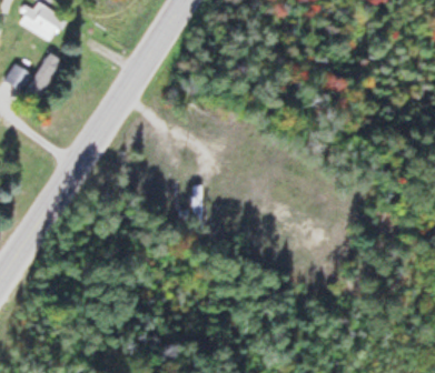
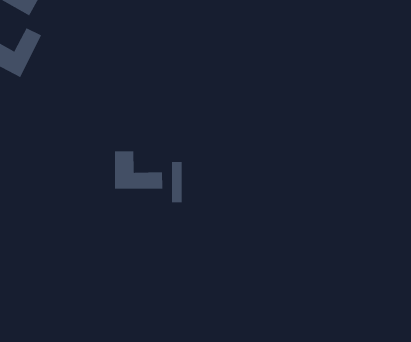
building: none -> [114,150,163,189]

